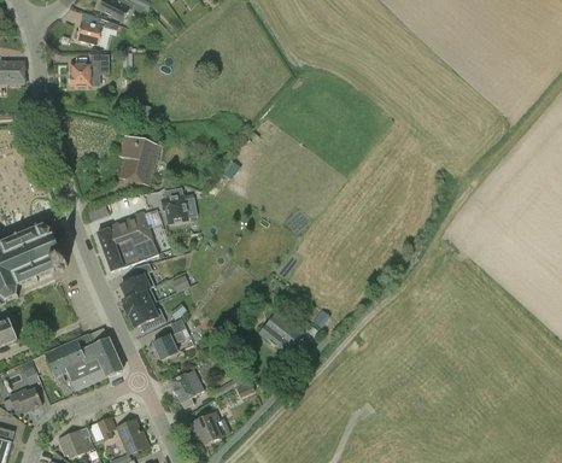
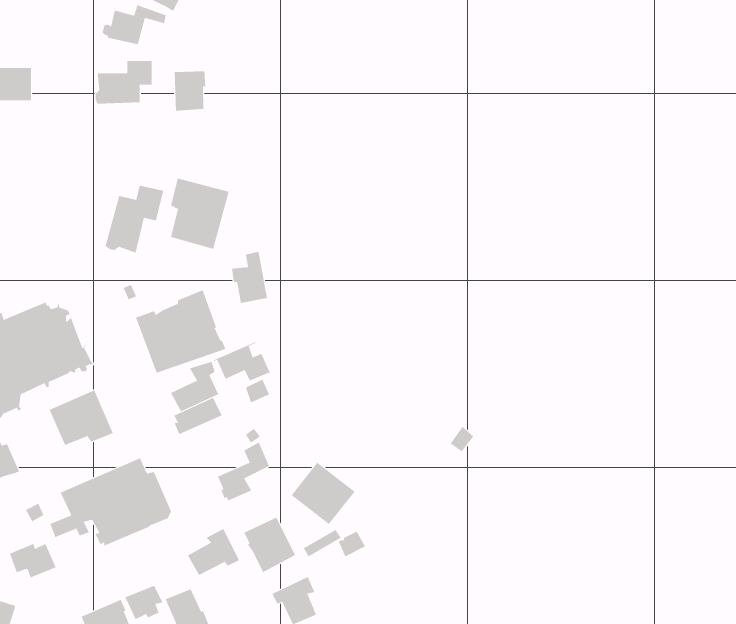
building: none -> [174,70,206,111]
building: none -> [105,185,164,253]
building: none -> [49,389,113,446]
building: [125,300,165,328] -> [213,341,271,381]
building: [258,310,303,353] -> [291,462,355,525]
building: none -> [187,528,240,576]

